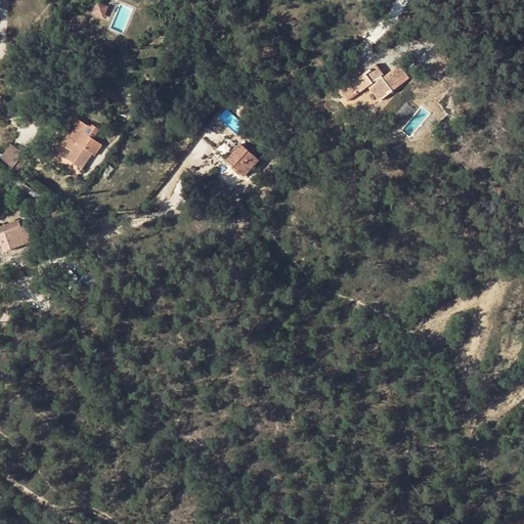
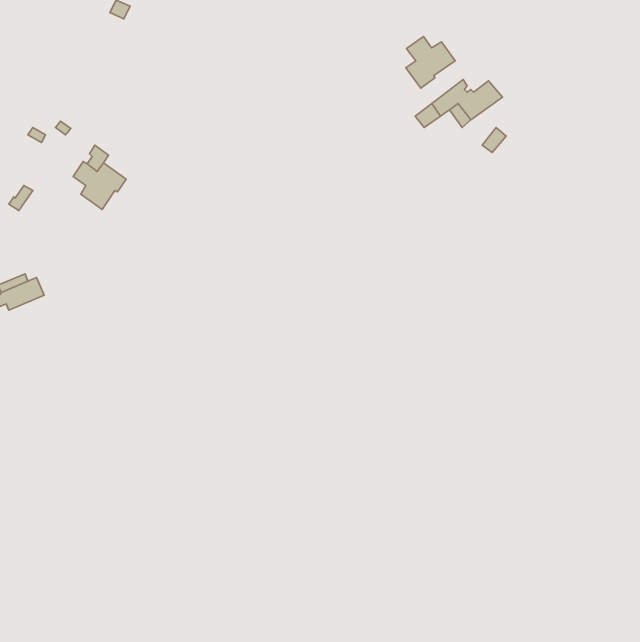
building: none -> [406,37,455,88]
building: [225,144,258,174] -> none

